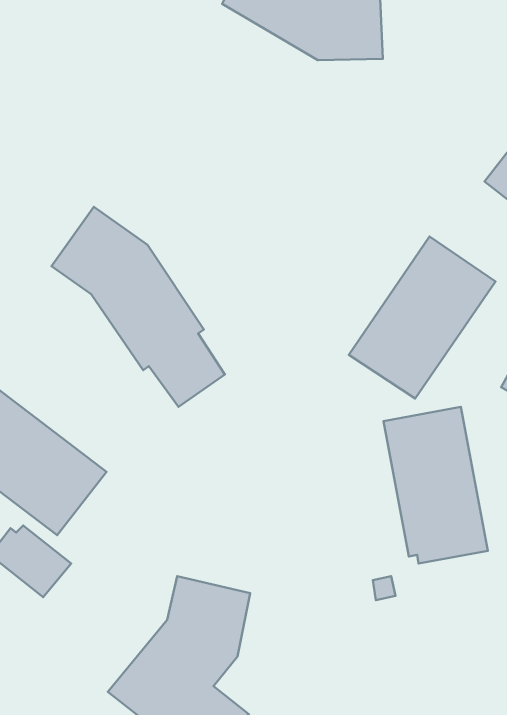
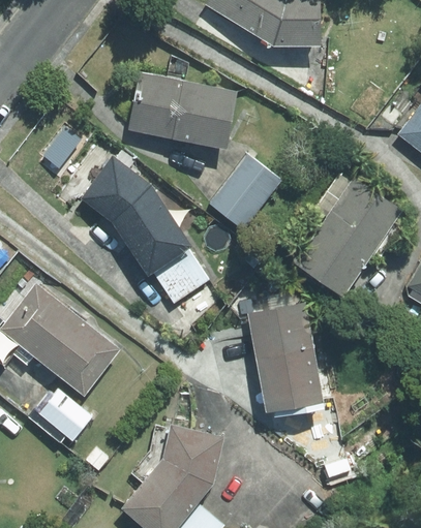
building: none -> [128,71,240,148]
building: none -> [208,155,280,230]
building: [383,407,488,563] -> [250,303,327,417]

